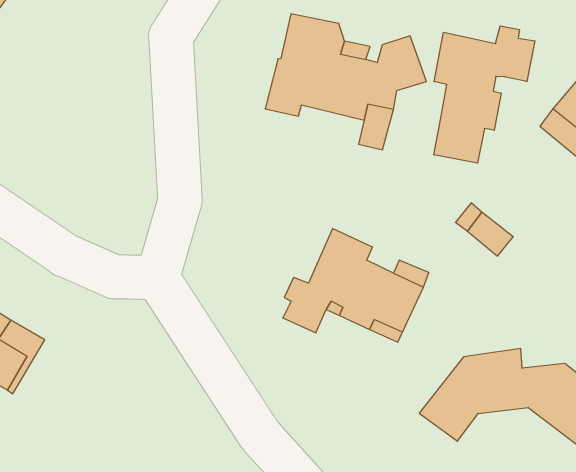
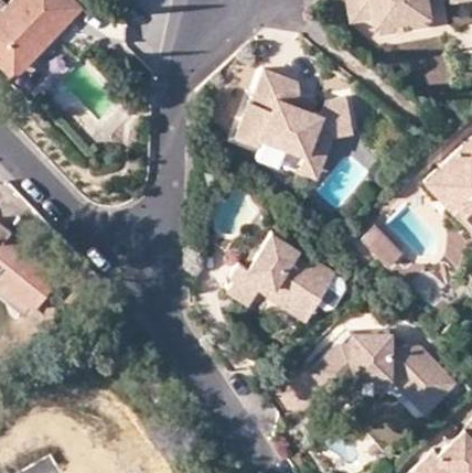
building: [434,26,535,163] -> none

